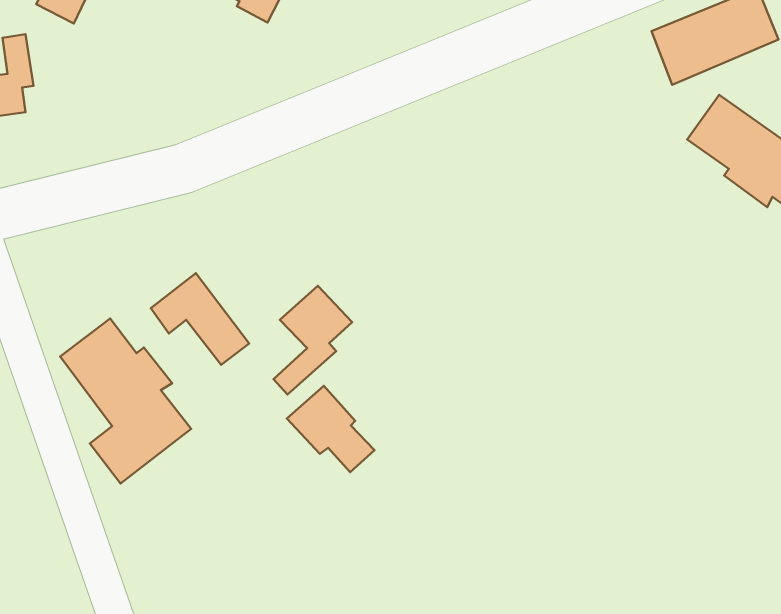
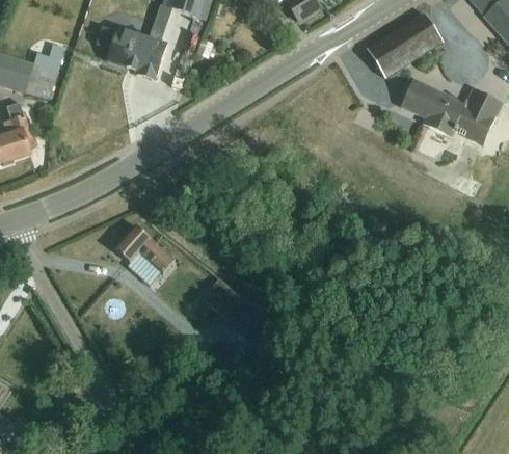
building: [274,286,352,395] -> none
building: [60,319,191,484] -> none

